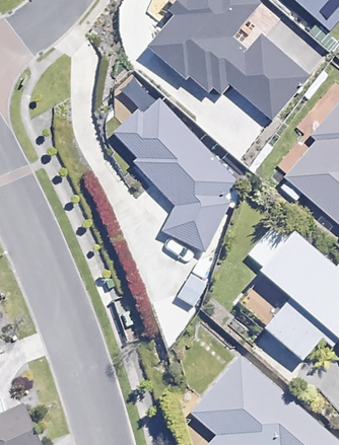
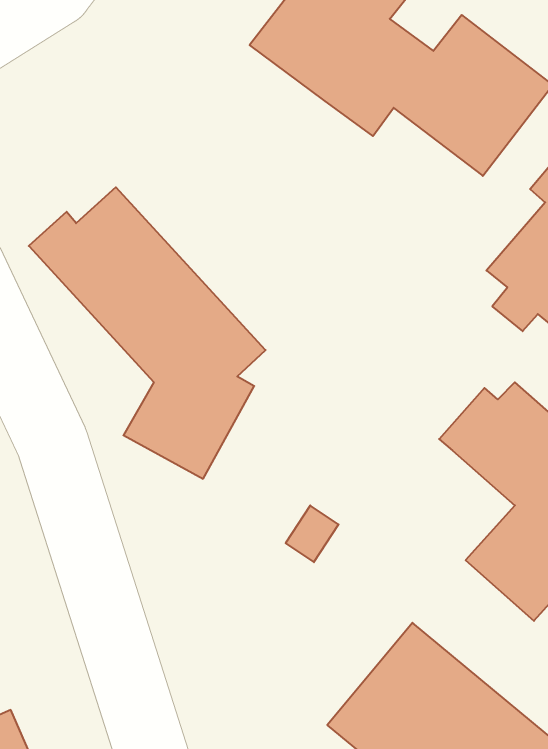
building: [112,97,239,253] -> [29,187,266,479]

